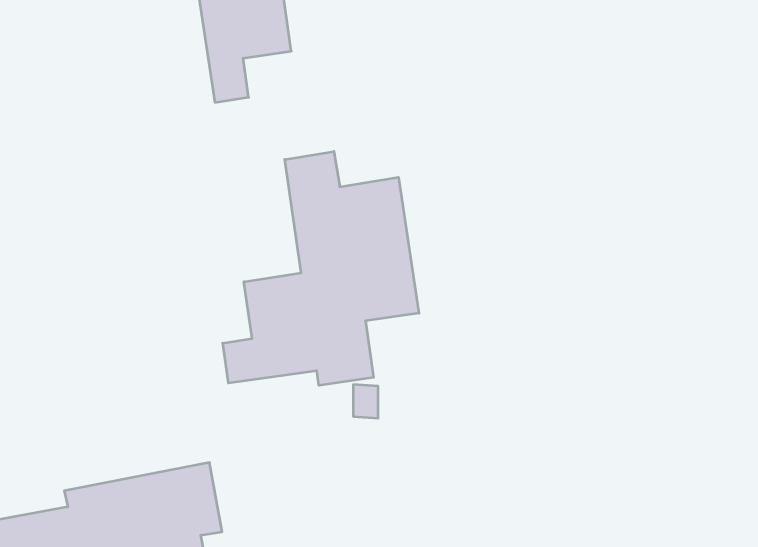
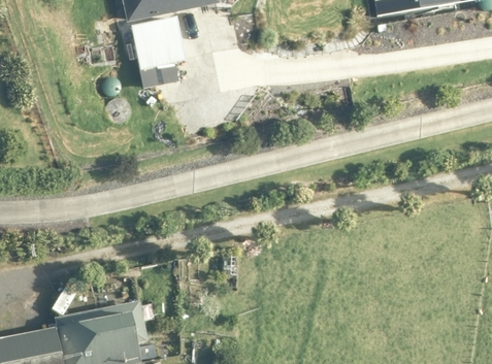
building: [223,151,419,385] -> none

